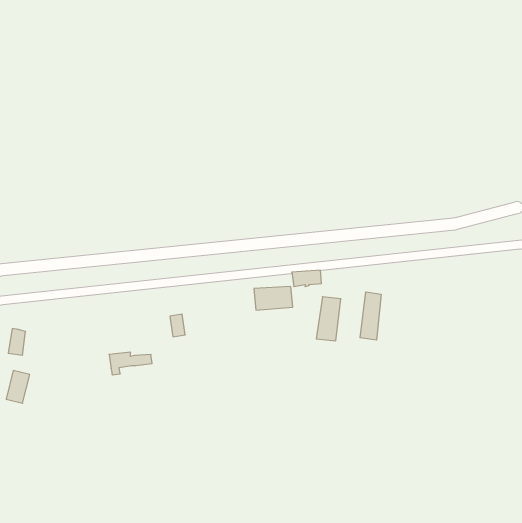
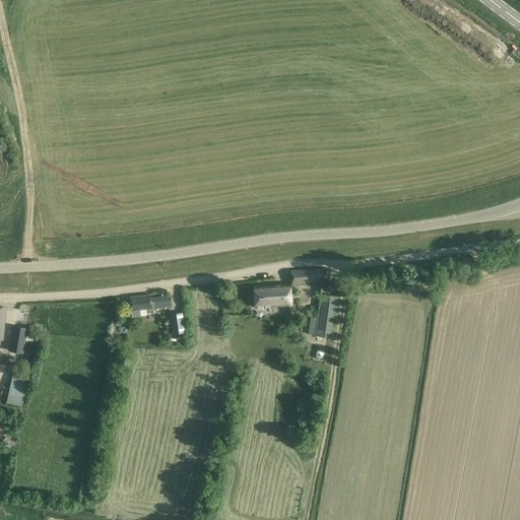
building: [360,292,381,340] -> none
building: [109,352,152,375] -> [128,295,171,317]

